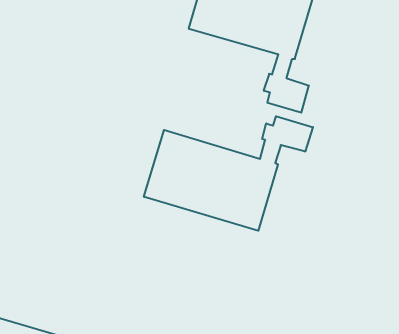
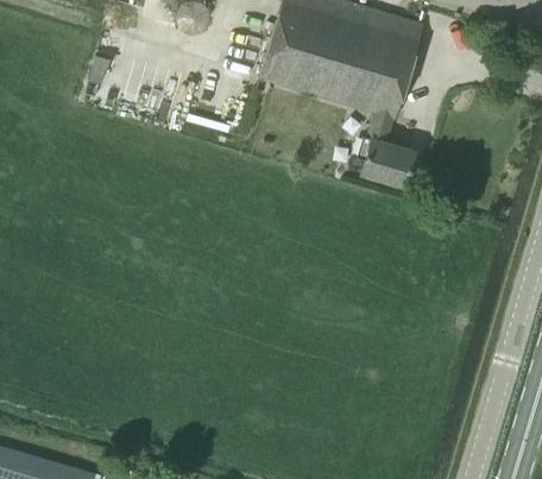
building: [144,116,313,231] -> none

